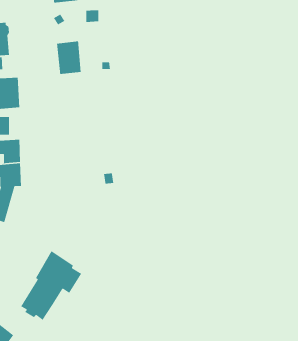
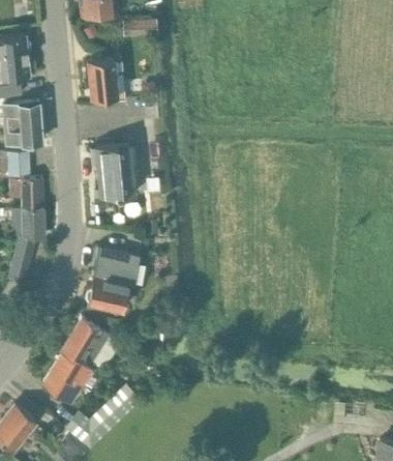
building: none -> [95,145,134,200]
building: none -> [86,248,139,311]

